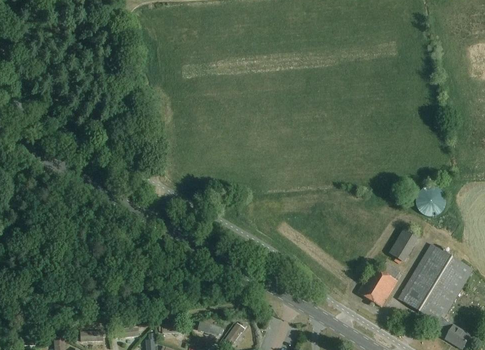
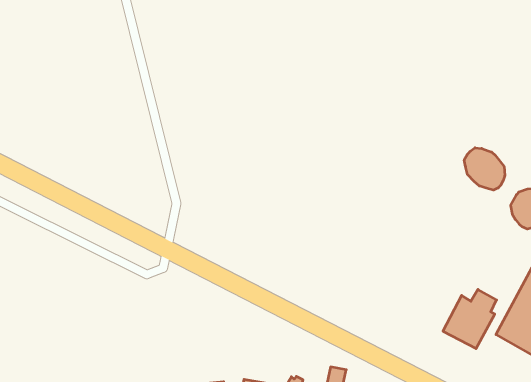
building: none -> [464,148,505,190]
building: [388,227,419,262] -> none

